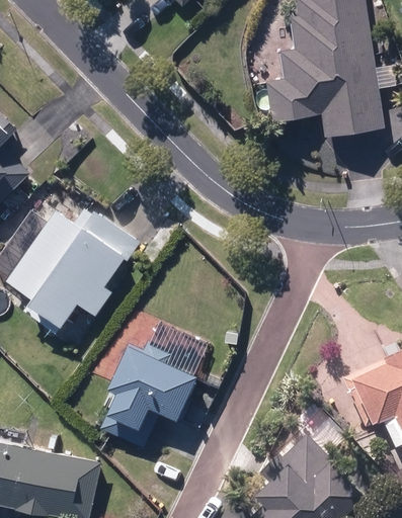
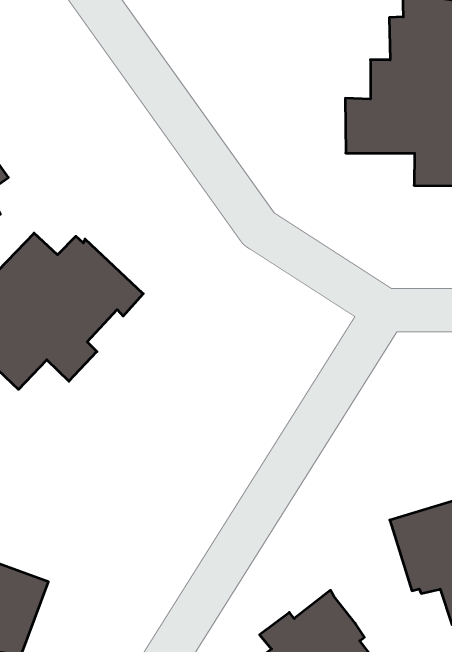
building: [101,340,196,447] -> none

